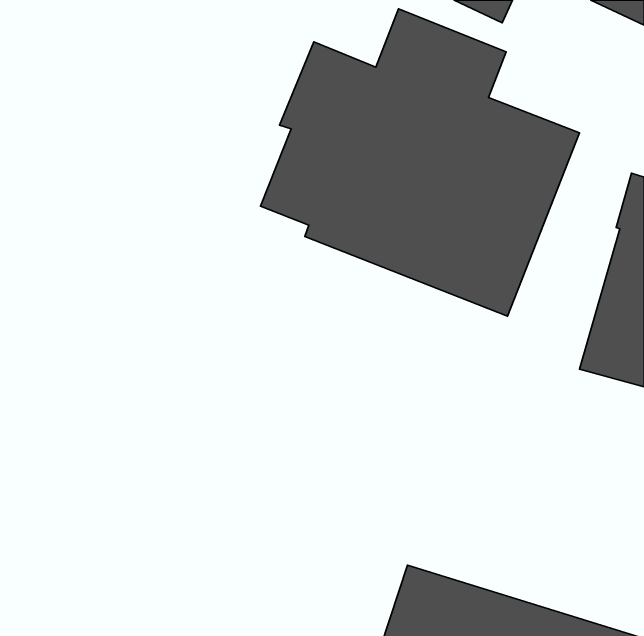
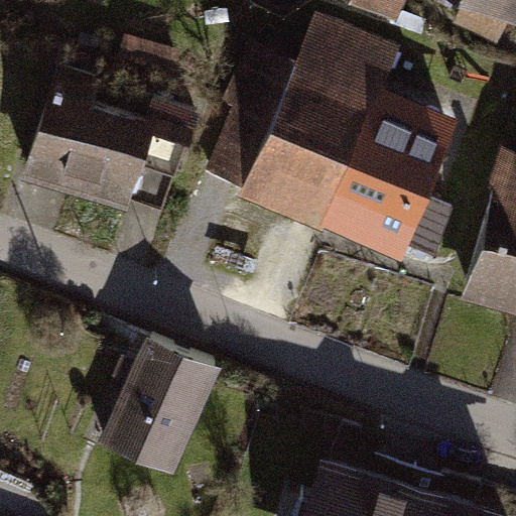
building: none -> [21,66,202,215]
building: none -> [100,336,223,478]

